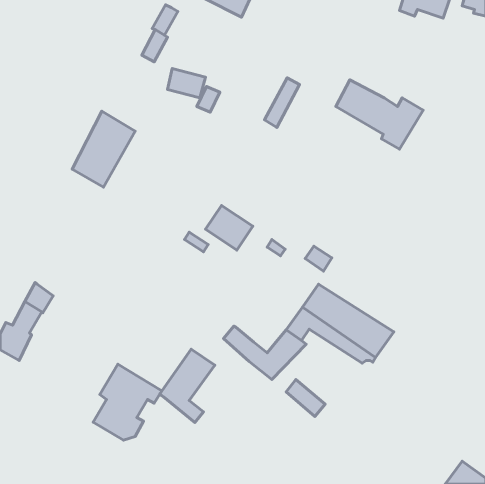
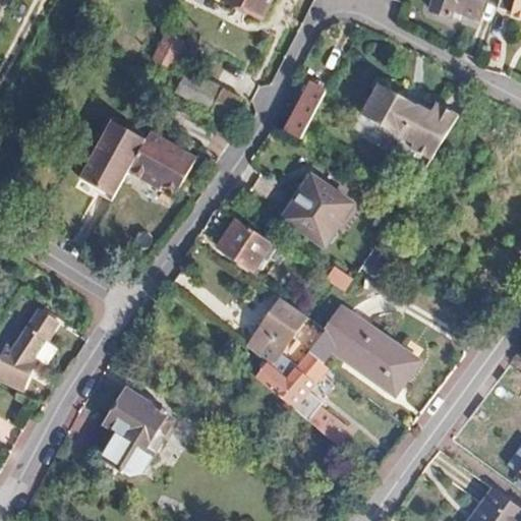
building: none -> [130,133,195,189]
building: none -> [286,178,352,244]
building: [160,349,215,422] -> [249,299,308,378]

